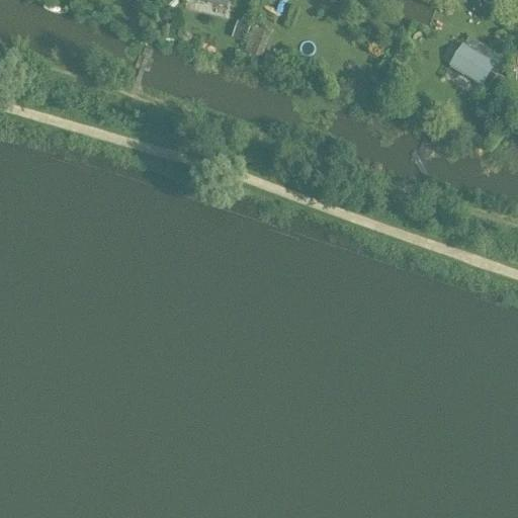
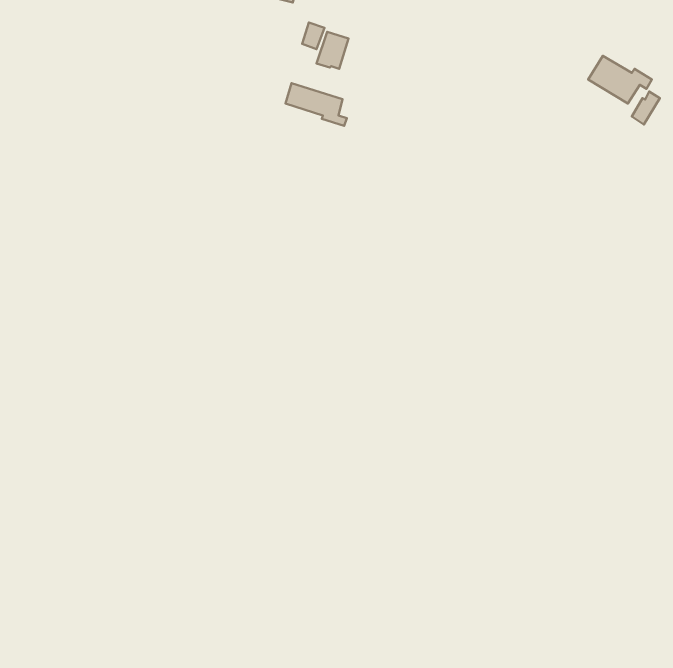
building: none -> [286,83,347,126]

